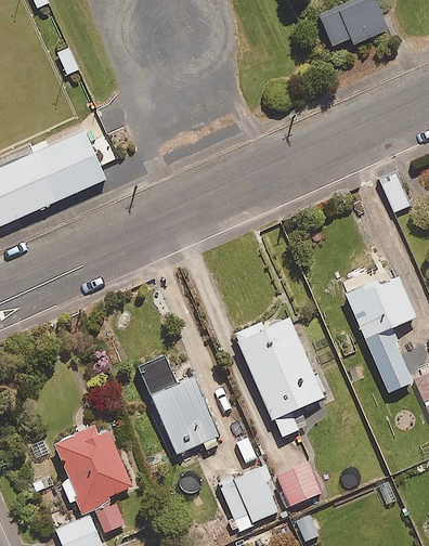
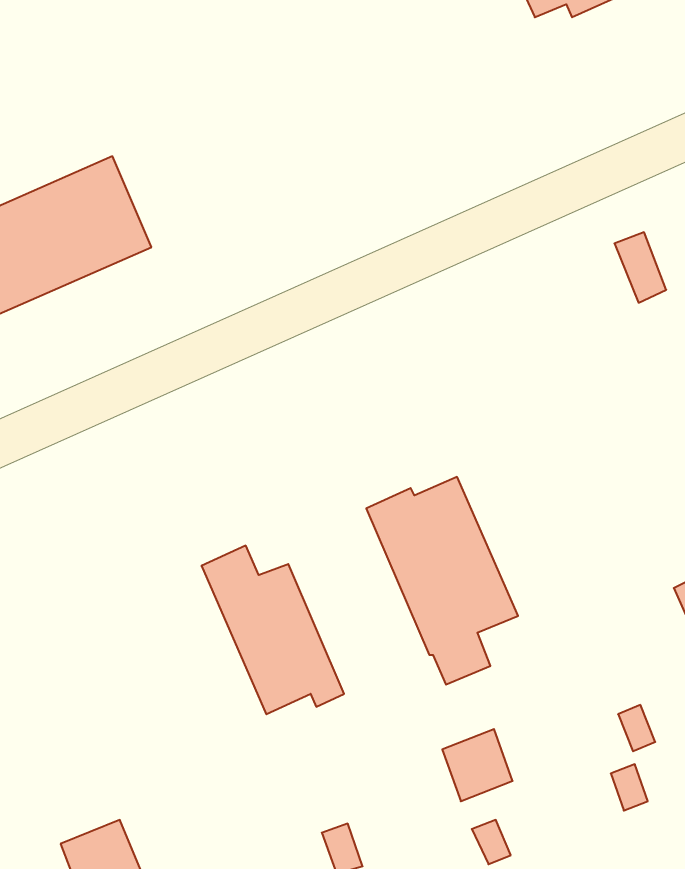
building: [344,272,414,391] -> none
building: [53,425,131,532] -> none
building: [220,467,282,532] -> none

